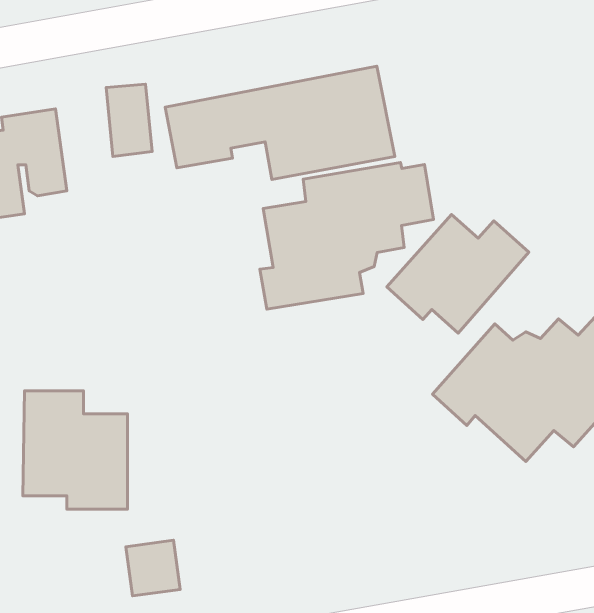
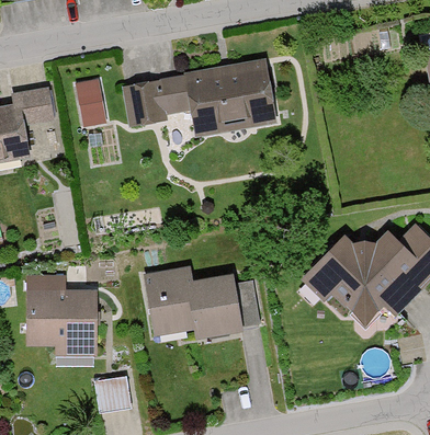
building: [260,162,434,309] -> none
building: [387,214,529,333] -> none
building: none -> [144,267,261,341]

